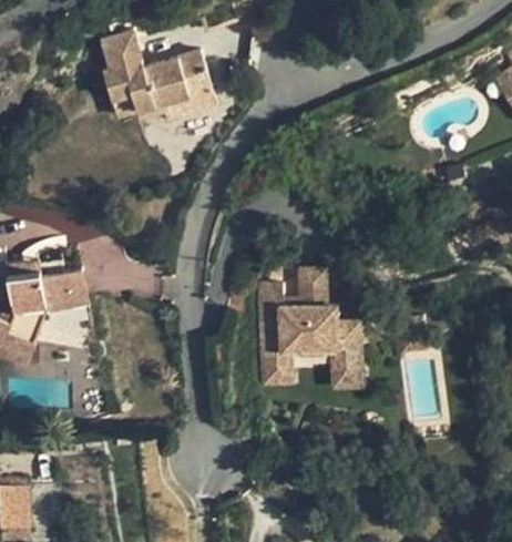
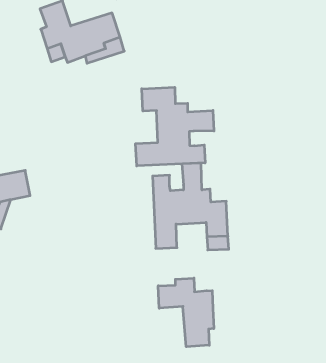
building: none -> [136,87,214,166]
building: none -> [158,278,214,347]

